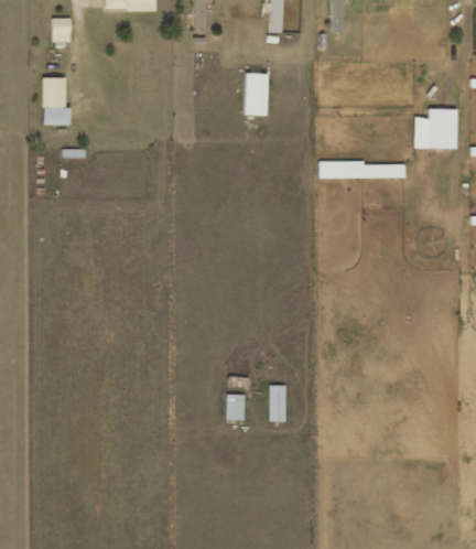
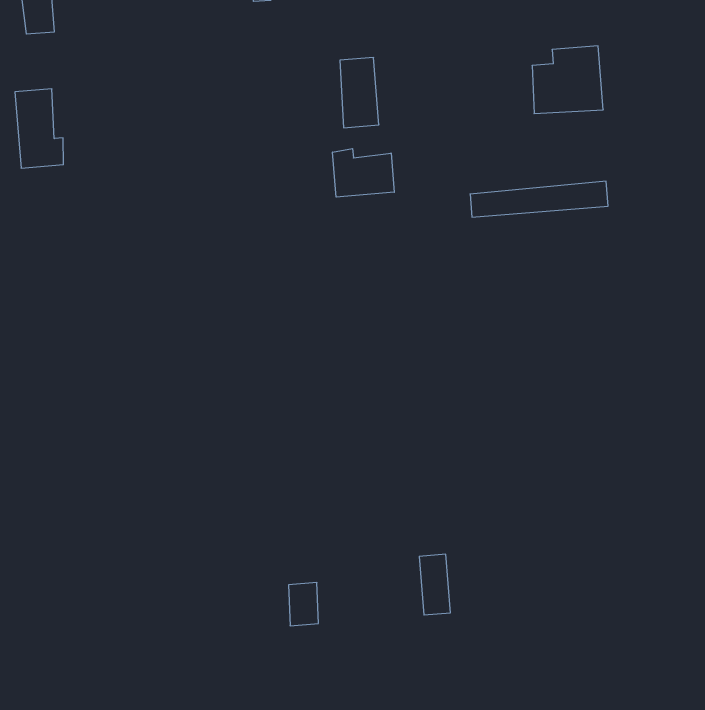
building: [414,108,457,148] -> [532,46,603,114]
building: none -> [333,149,394,197]
building: [226,394,245,419] -> [289,583,318,626]

